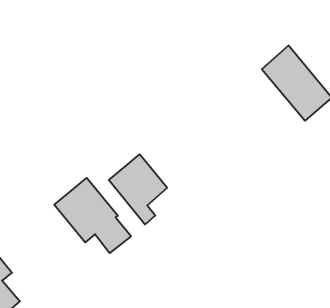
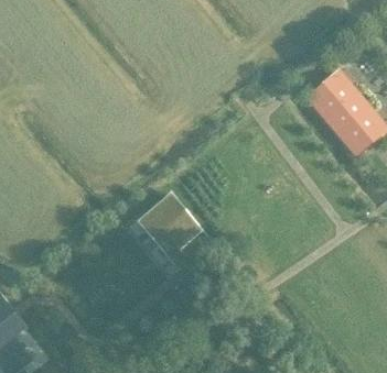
building: [54,178,131,253] -> none

